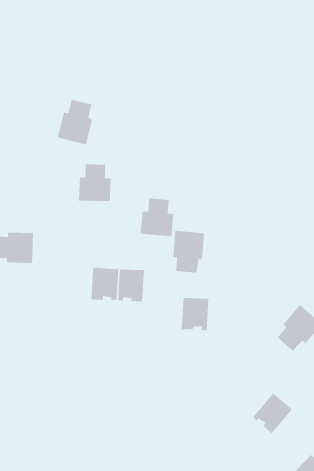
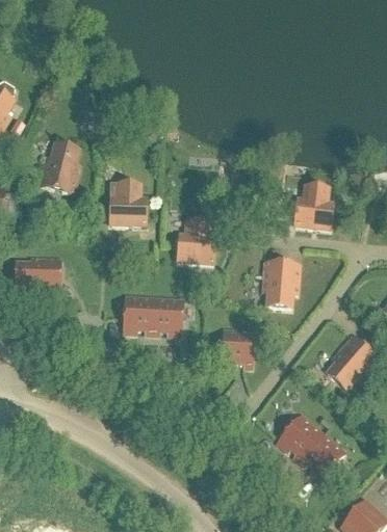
building: [57,99,93,145] -> [41,142,80,192]
building: none -> [295,185,333,228]
building: [173,230,205,273] -> [264,260,300,307]
building: none -> [279,414,324,459]

